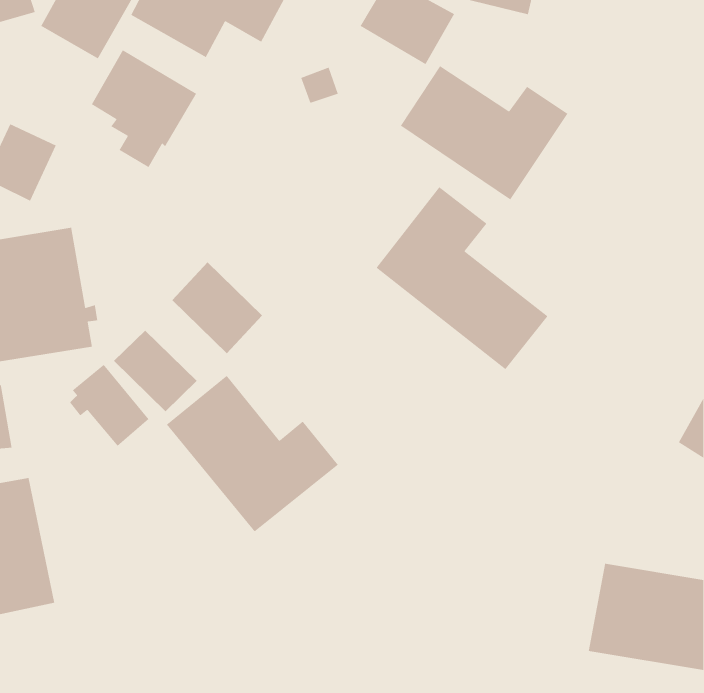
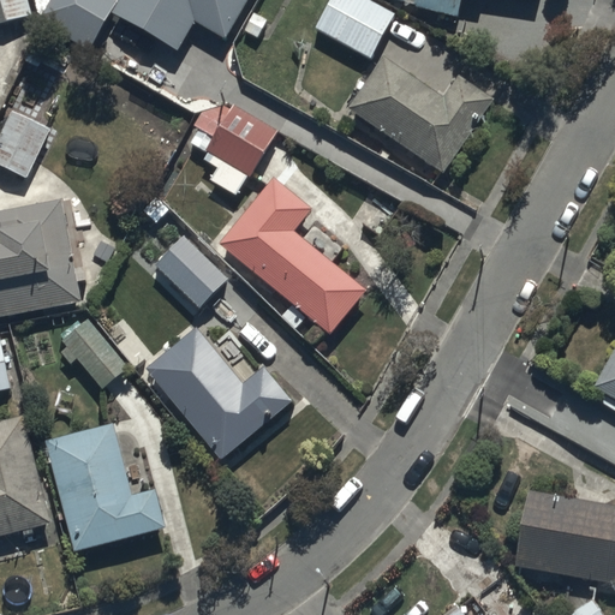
building: [91,49,197,168] -> [185,90,277,193]
building: [375,186,548,370] -> [216,175,366,335]
building: [113,330,198,412] -> none
building: none -> [43,423,166,553]

